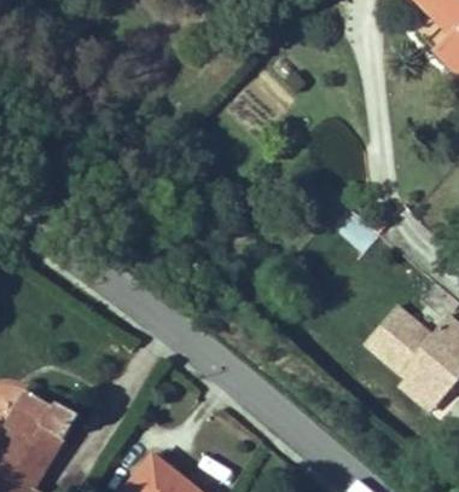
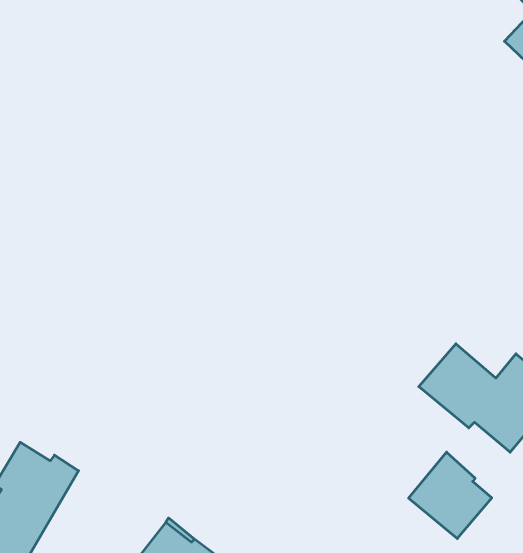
building: none -> [409,452,492,539]

